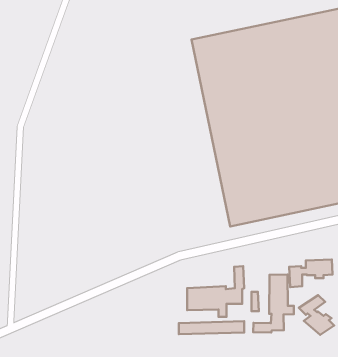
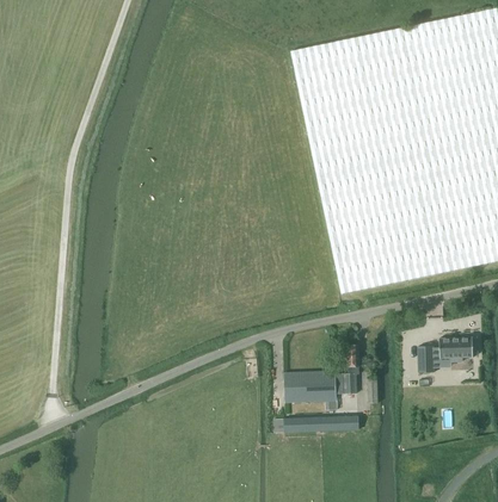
building: [253,274,294,332] -> none
building: [299,295,334,335] -> none

